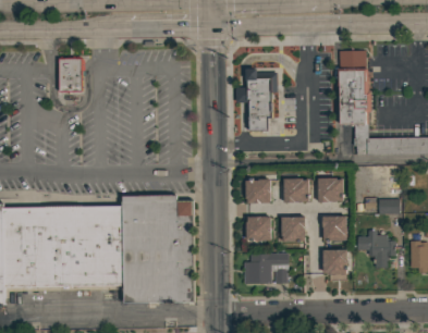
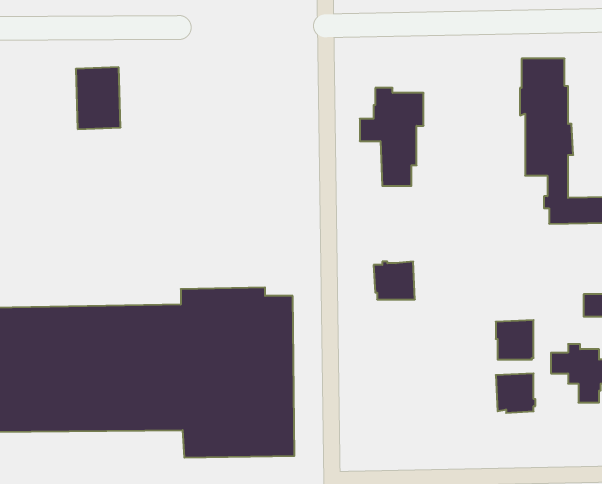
building: [316,177,342,201] -> none
building: [283,178,307,202] -> none
building: [245,217,270,240] -> none
building: [280,217,305,242] -> none
building: [243,254,286,284] -> none

